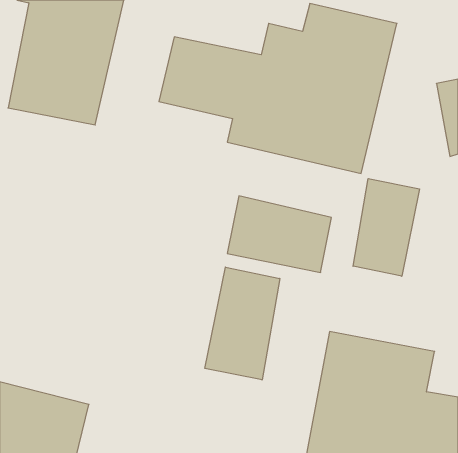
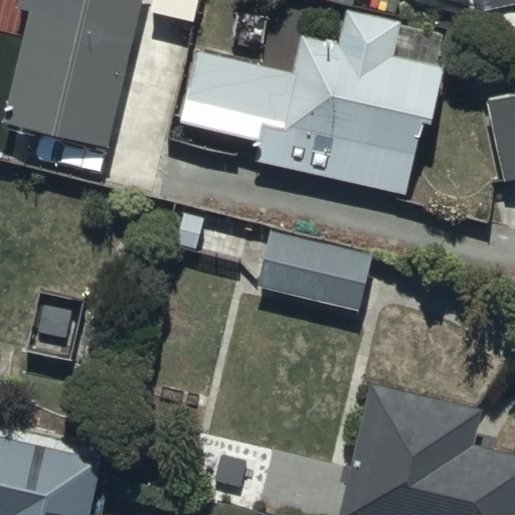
building: [353,179,419,276] -> none
building: [205,267,280,380] -> none

